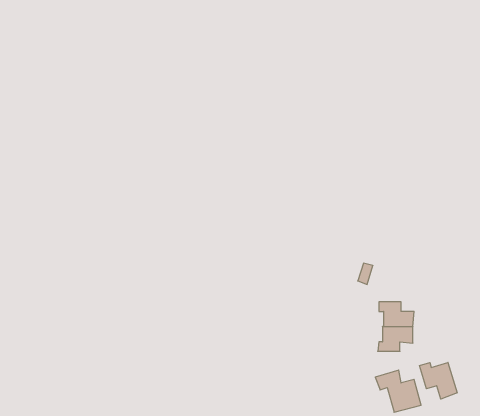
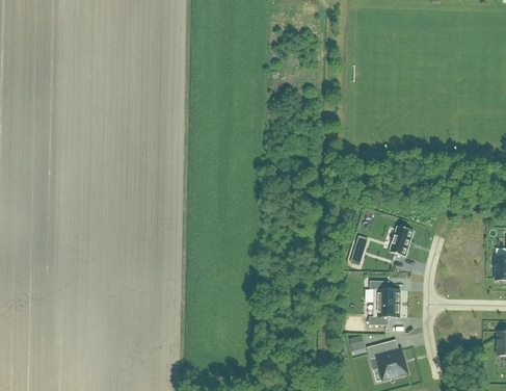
building: none -> [389,224,412,255]
building: [420,362,457,399] -> none

